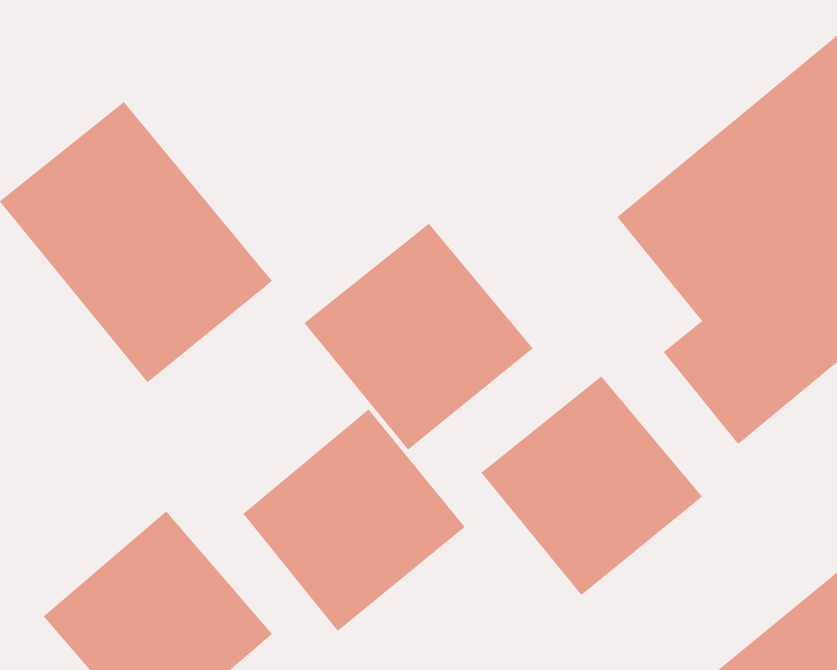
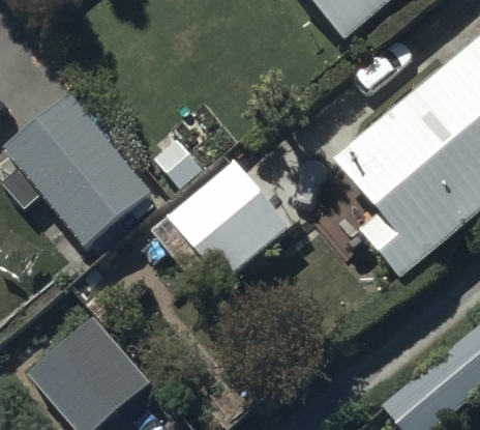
building: [480,375,703,596] -> none
building: [243,409,466,632] -> none

